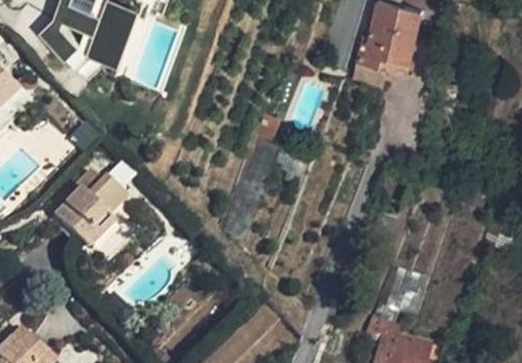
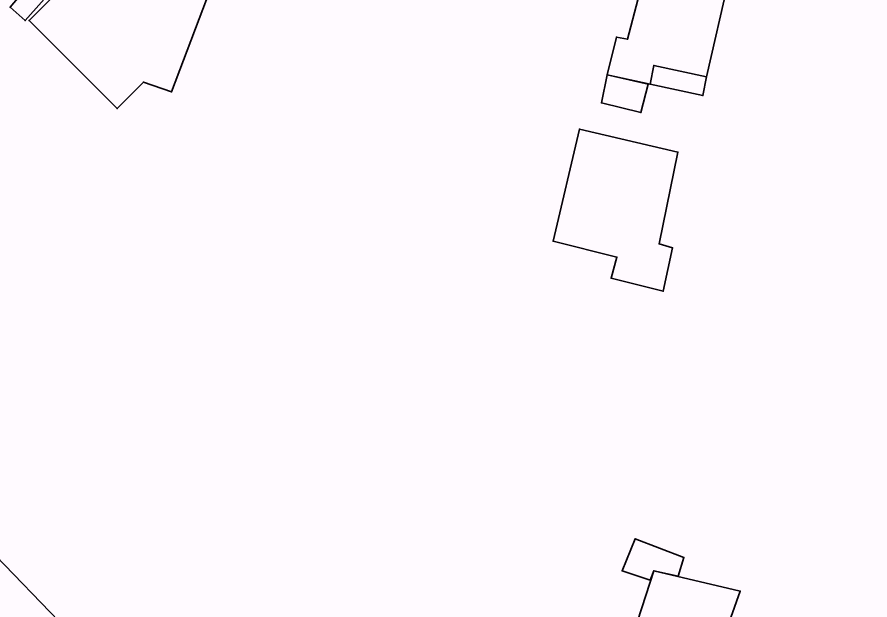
building: none -> [553,129,678,291]
building: [53,164,132,249] -> none

